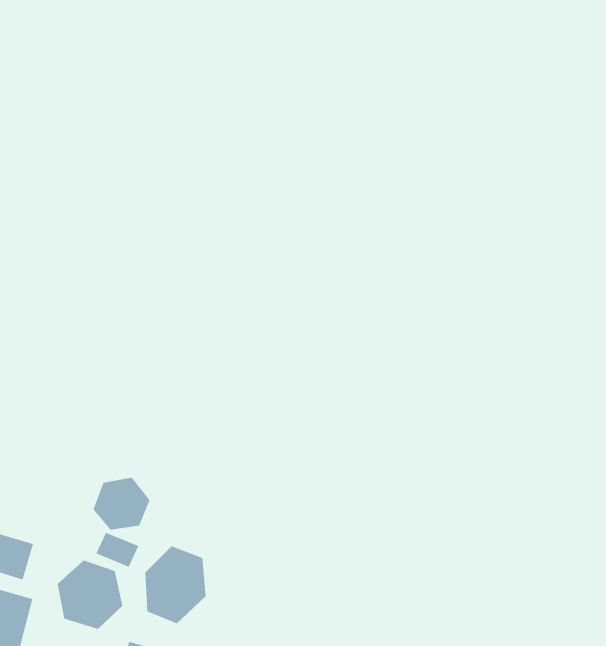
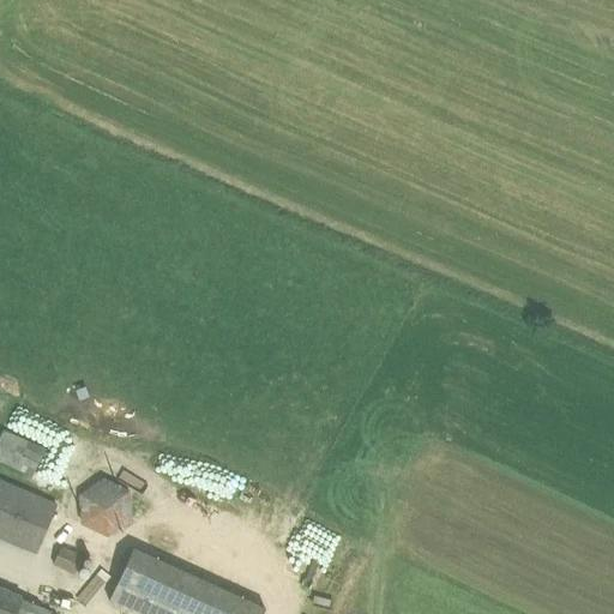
building: [93,477,150,530] -> none
building: [145,546,206,624] -> none

